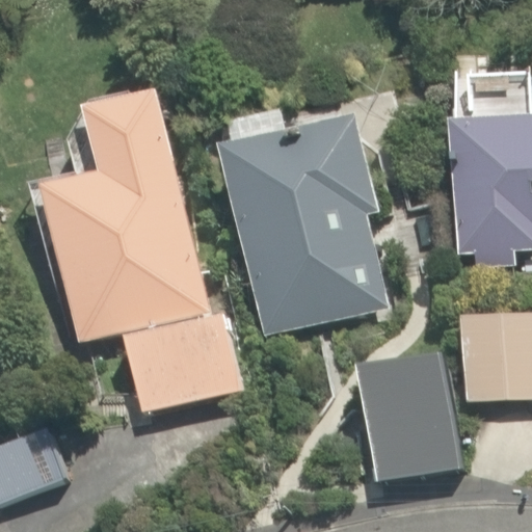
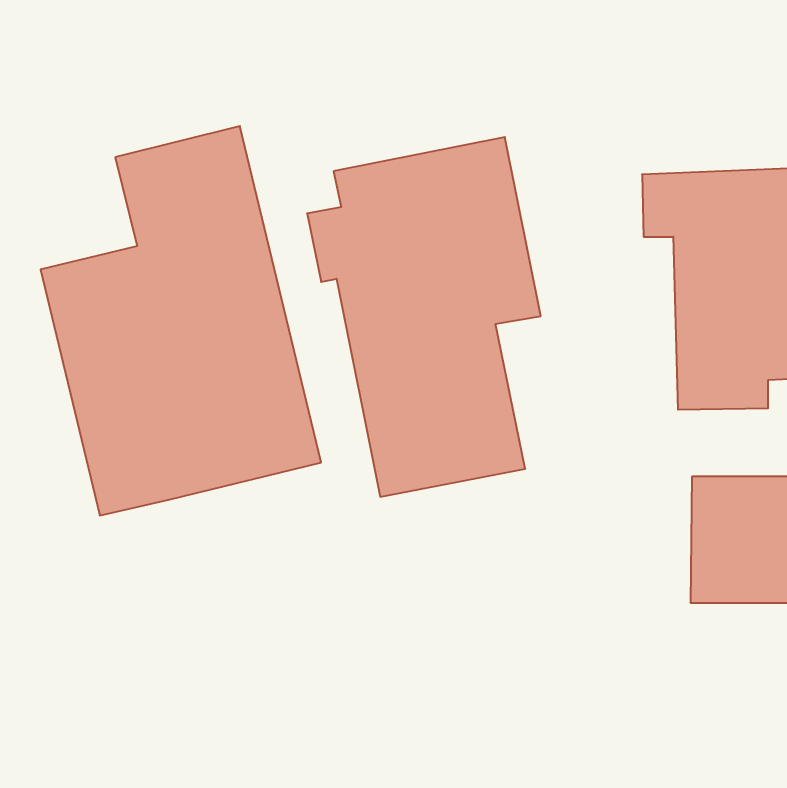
building: [118,309,240,413] -> none
building: [367,352,463,482] -> none

